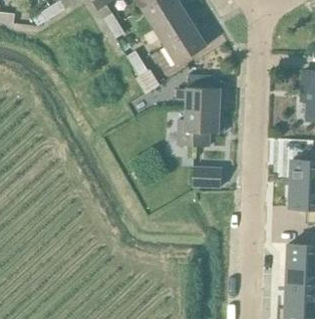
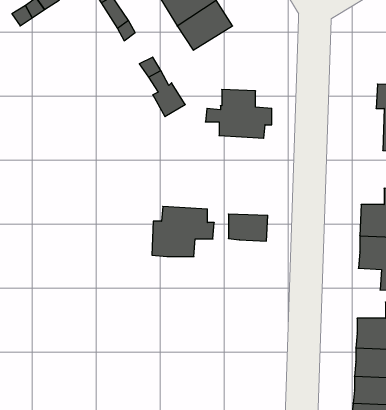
building: [166,28,206,64] -> none
building: [177,109,223,146] -> [152,206,214,257]

